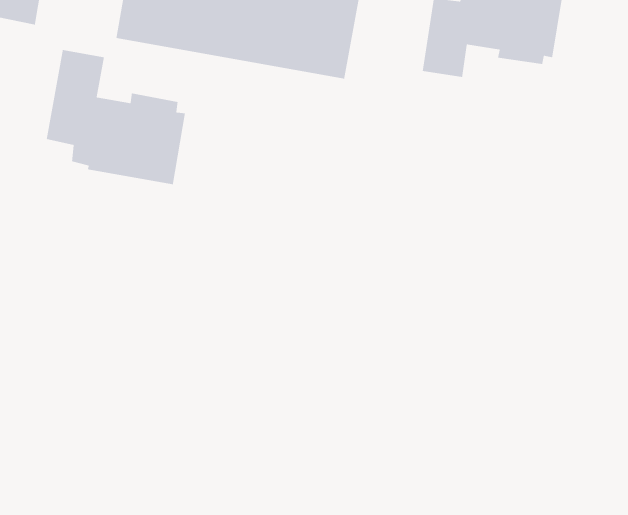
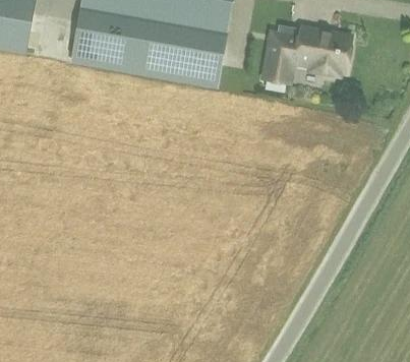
building: [46,49,186,185] -> none

